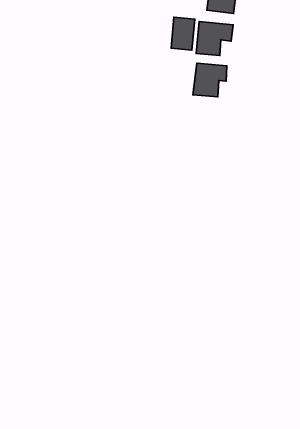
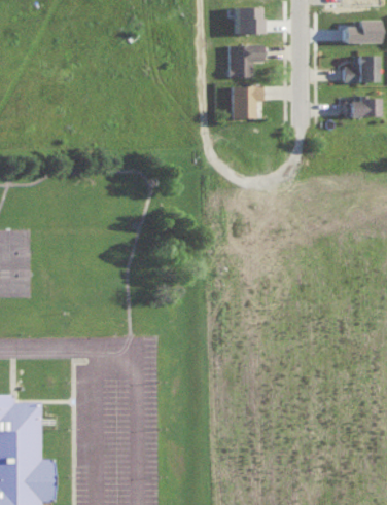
building: [171,17,195,50] -> none

